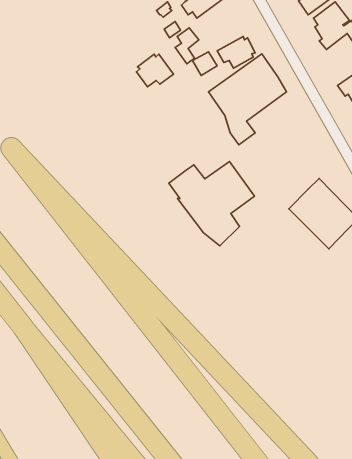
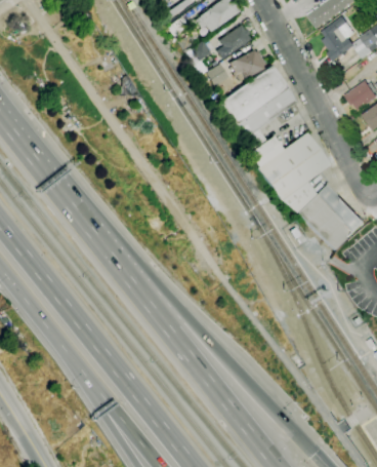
building: none -> [217,24,251,60]
building: [137,54,174,87] -> none
building: [169,162,255,246] -> [249,132,330,212]

